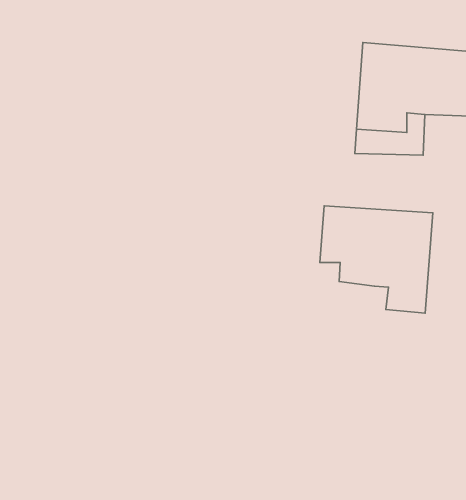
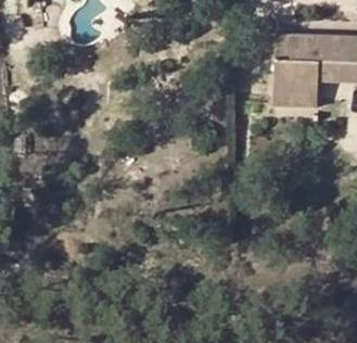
building: [320,206,433,313] -> none

